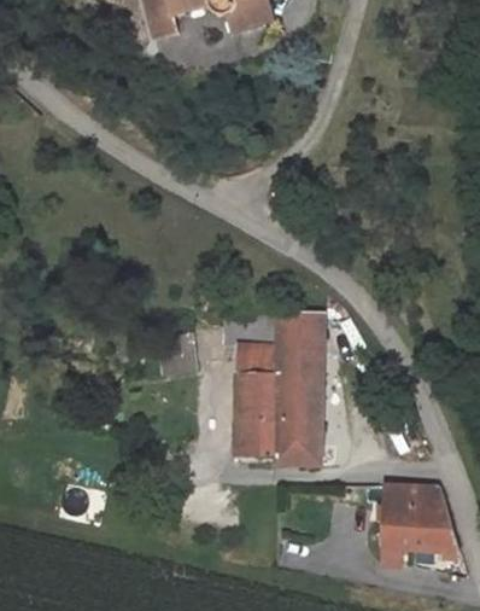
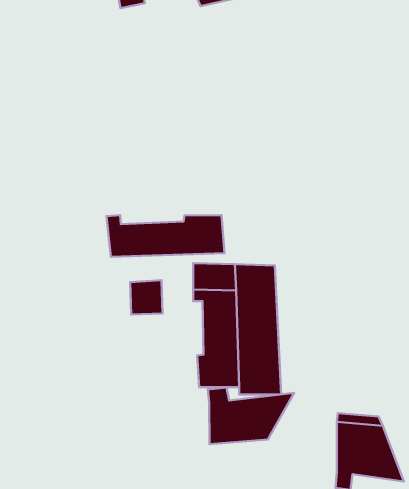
building: none -> [106,215,224,257]
building: none -> [208,387,294,444]

